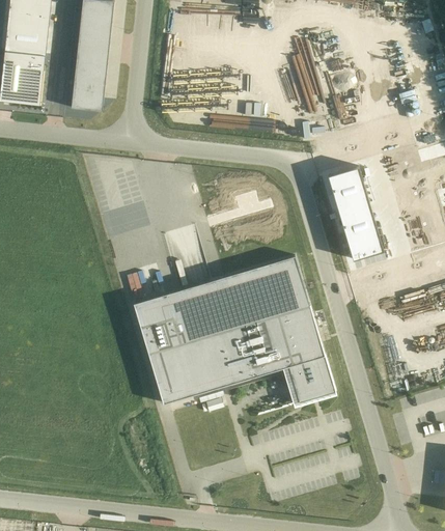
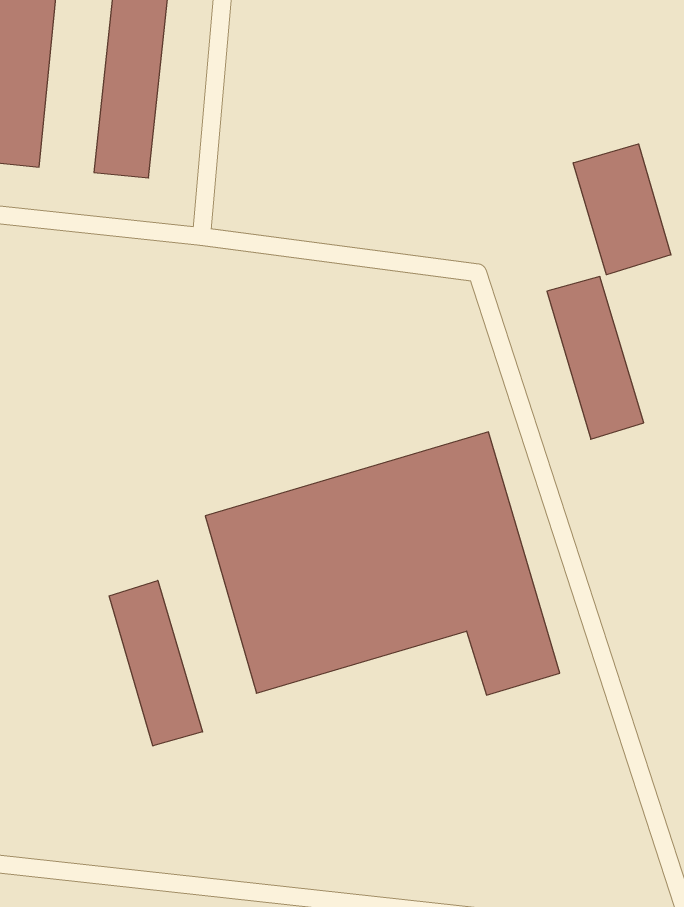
building: none -> [573,144,671,275]
building: none -> [109,580,203,746]

